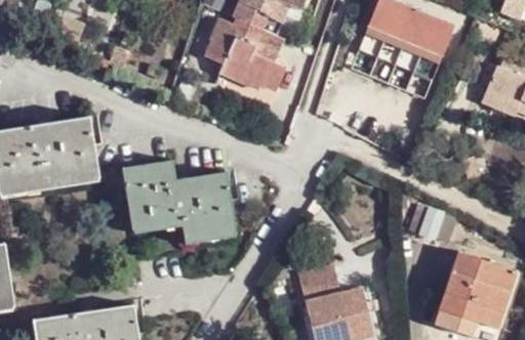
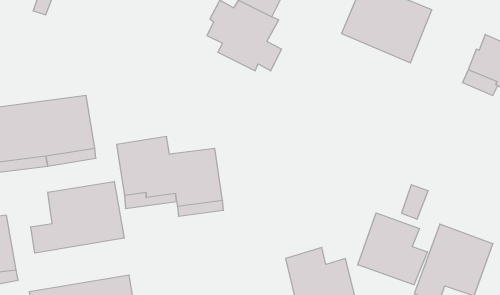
building: none -> [31,181,124,253]
building: none -> [358,213,427,285]

